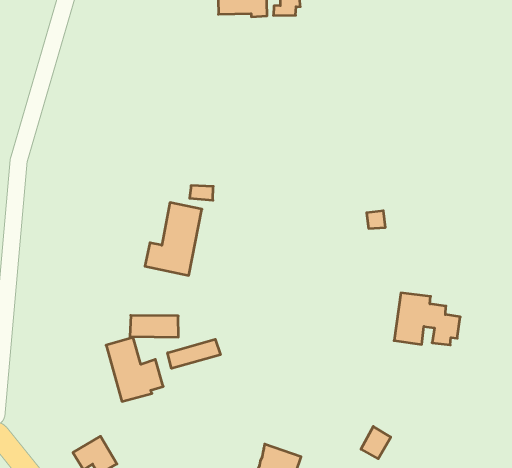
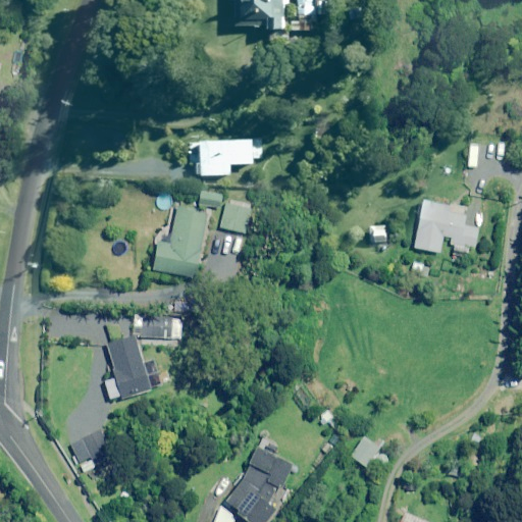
building: none -> [201,141,254,175]
building: none -> [221,201,249,230]
building: [394,293,460,345] -> [413,200,478,253]
building: [168,339,220,368] -> none

